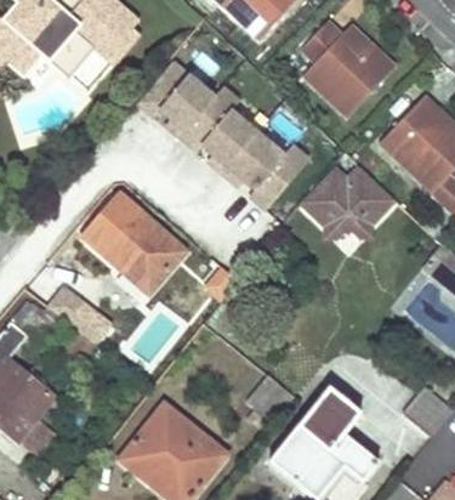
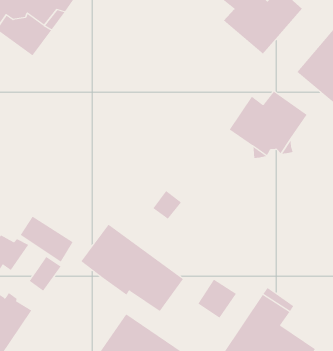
building: [142,63,307,209] -> none
building: [67,180,183,285] -> [80,224,184,312]

